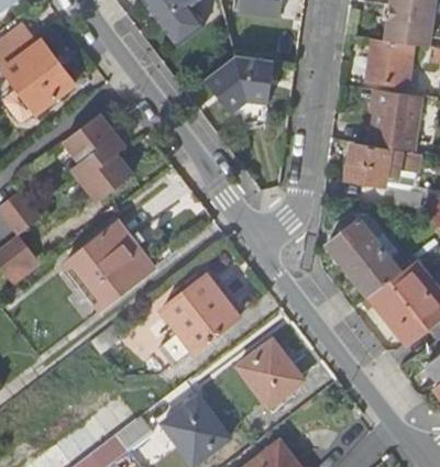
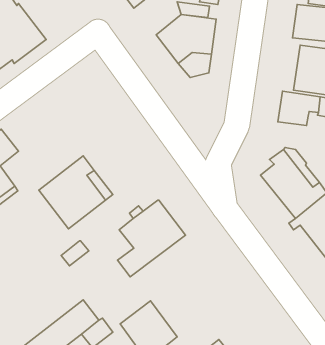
building: [63,113,132,201] -> none
building: [235,340,303,408] -> none

